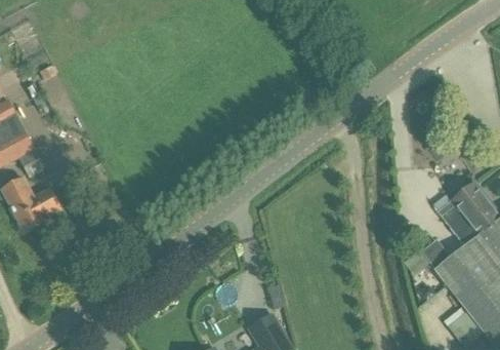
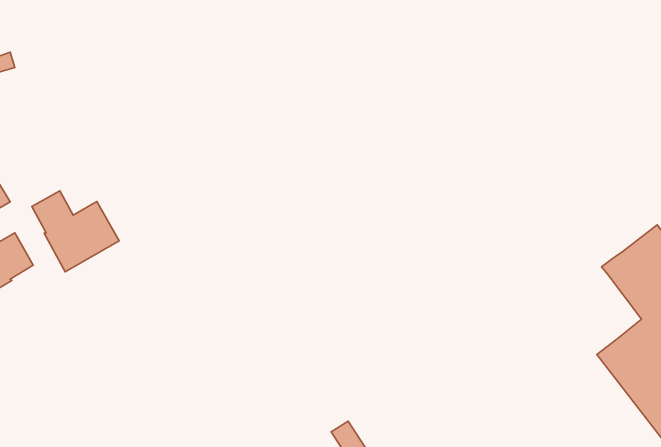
building: none -> [32,191,119,272]

